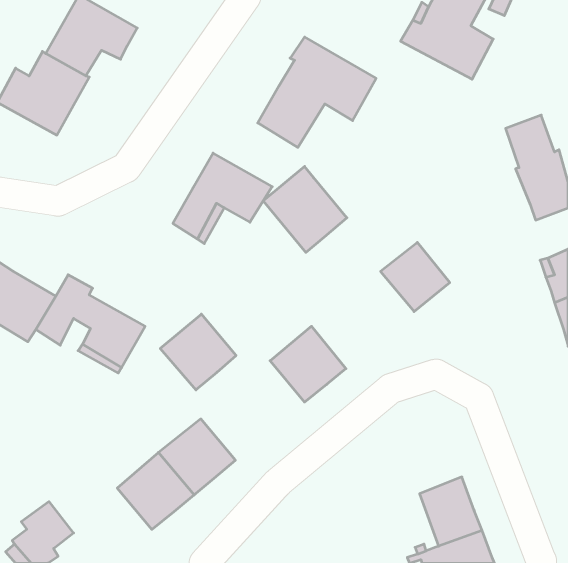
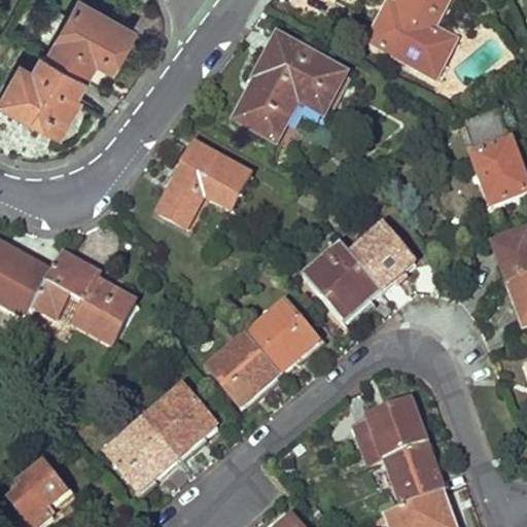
building: [263,166,347,252] -> [305,240,382,319]
building: [160,314,236,390] -> [211,332,281,402]
building: none -> [354,399,426,462]

